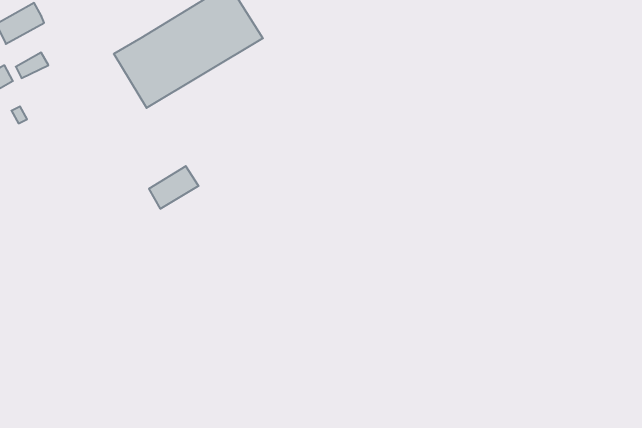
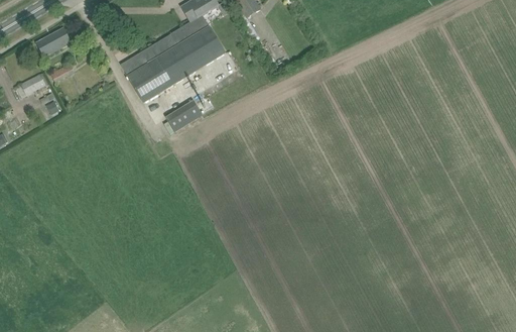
building: [149,166,199,209] -> [166,100,202,130]

